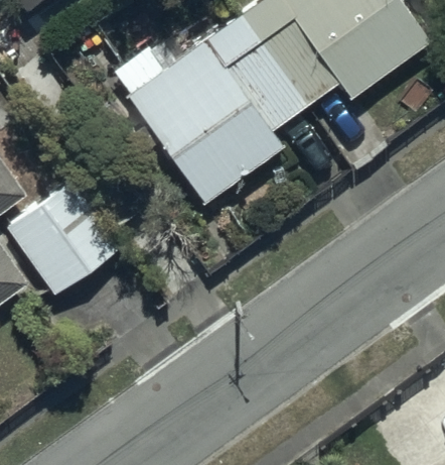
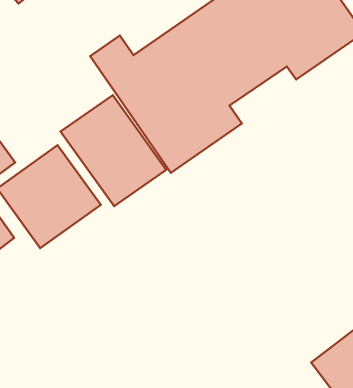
building: none -> [61,95,166,206]

